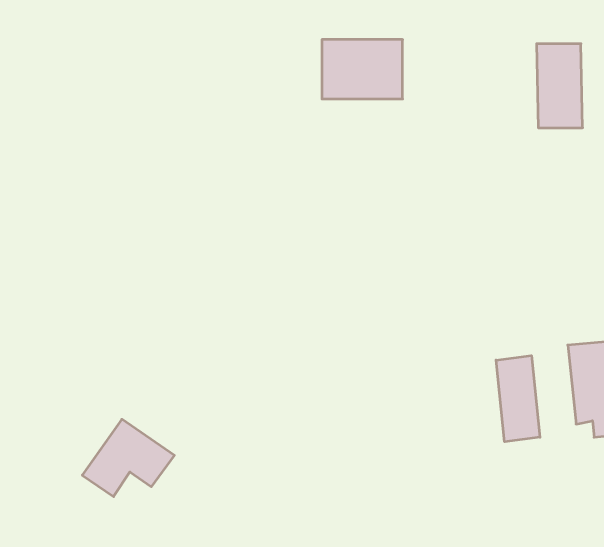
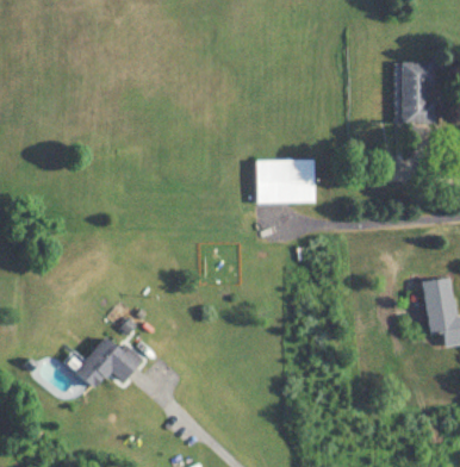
building: [322,40,403,99] -> [255,160,313,203]
building: [496,356,540,442] -> none

